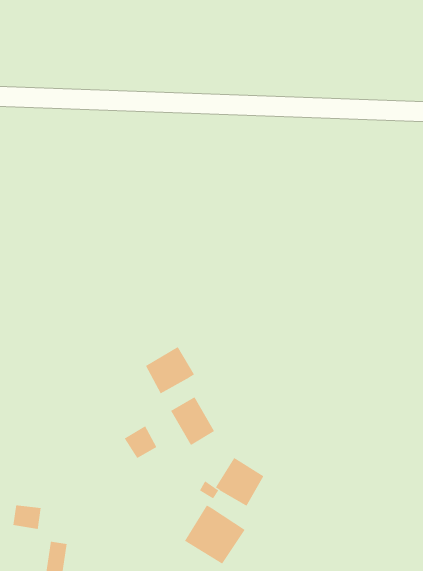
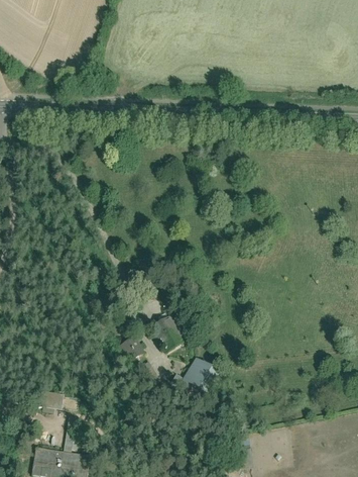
building: [145,346,195,394] -> none
building: [184,505,246,565] -> none

